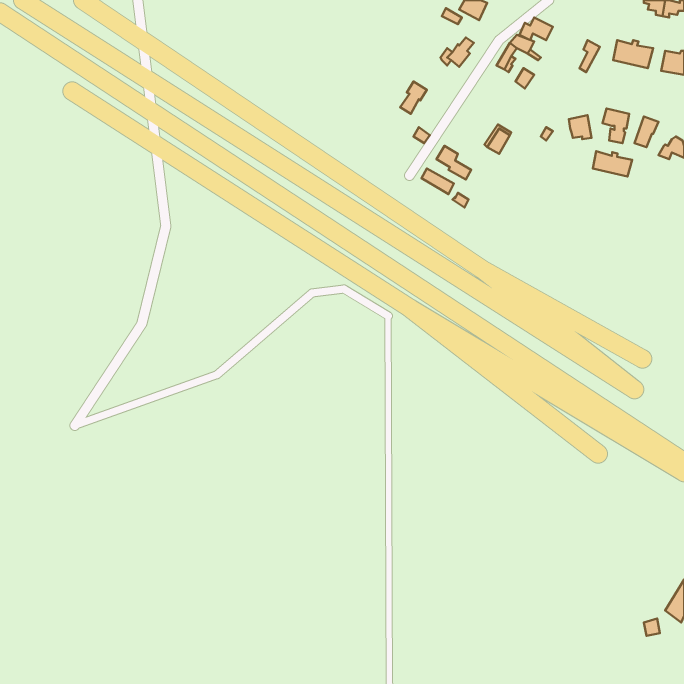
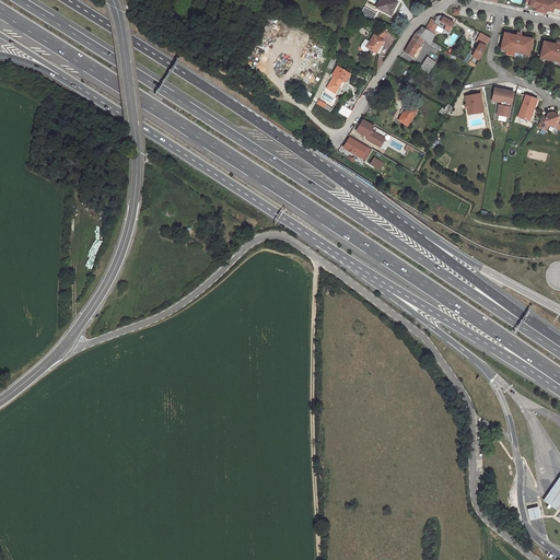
building: [593,151,632,176] -> none

